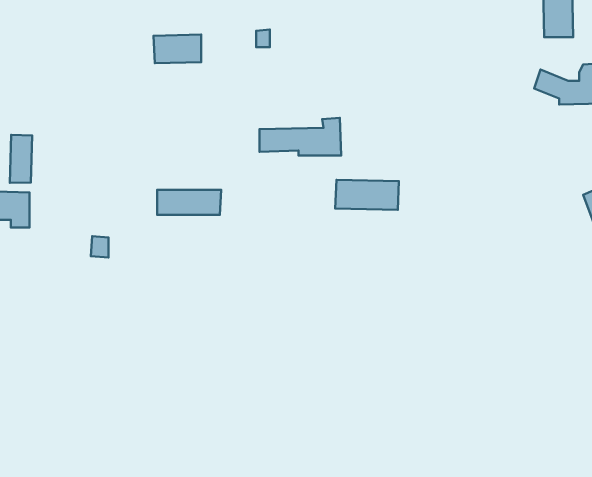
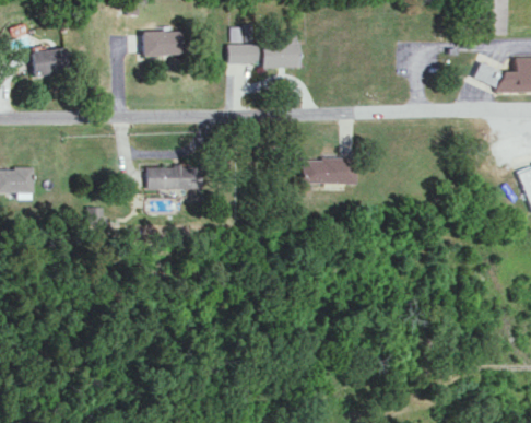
building: none -> [31,47,70,75]
building: [260,118,341,156] -> [227,34,298,67]
building: [10,135,32,183] -> none

